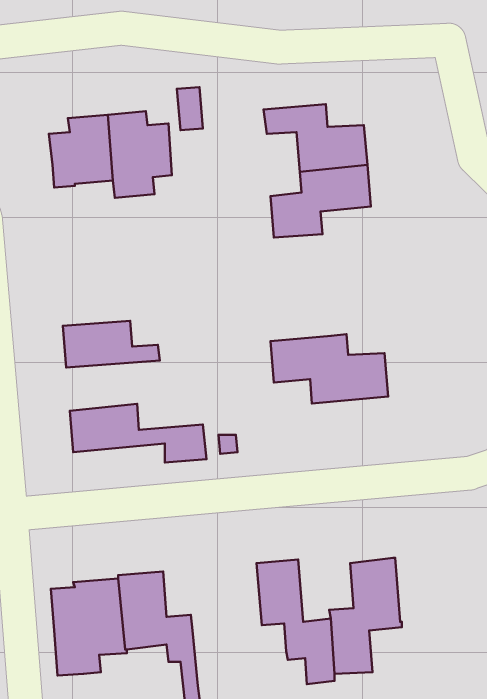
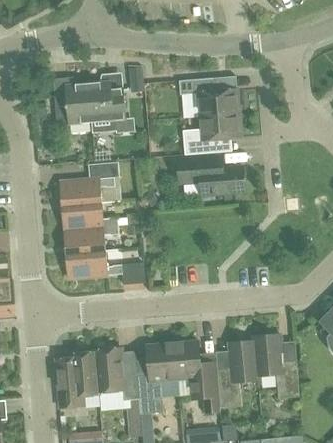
building: none -> [61,161,119,205]
building: [270,334,388,403] -> [178,155,246,195]
building: none -> [65,225,120,254]
building: none -> [254,333,300,397]
building: none -> [138,342,178,413]

